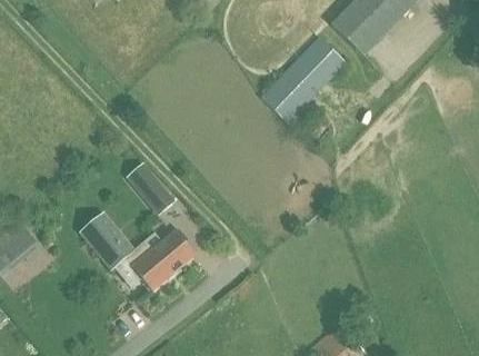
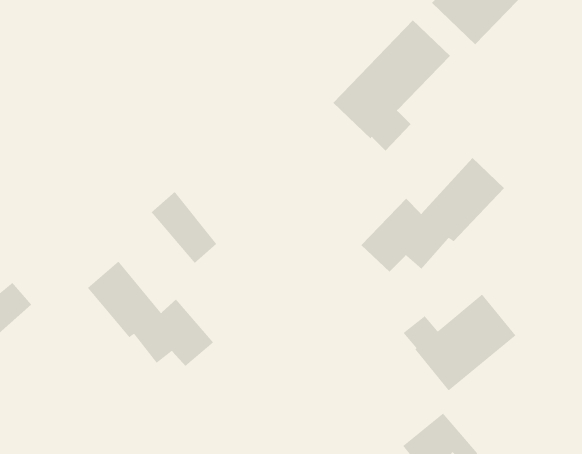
building: none -> [360,157,505,273]
building: [146,227,194,271] -> none
building: none -> [403,293,517,391]

